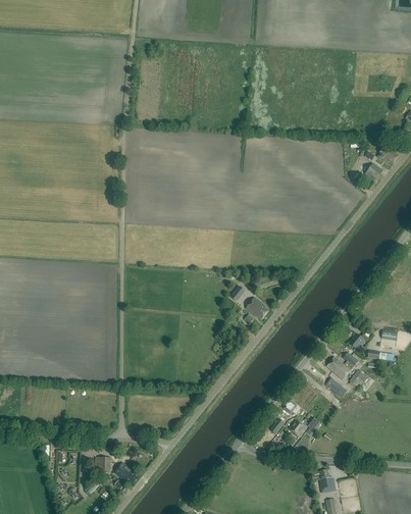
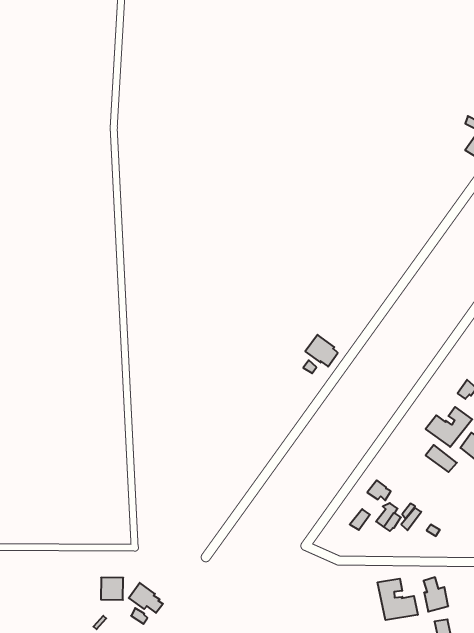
building: none -> [378,579,418,620]

